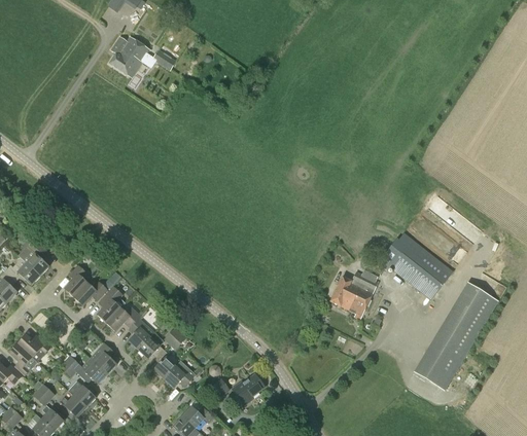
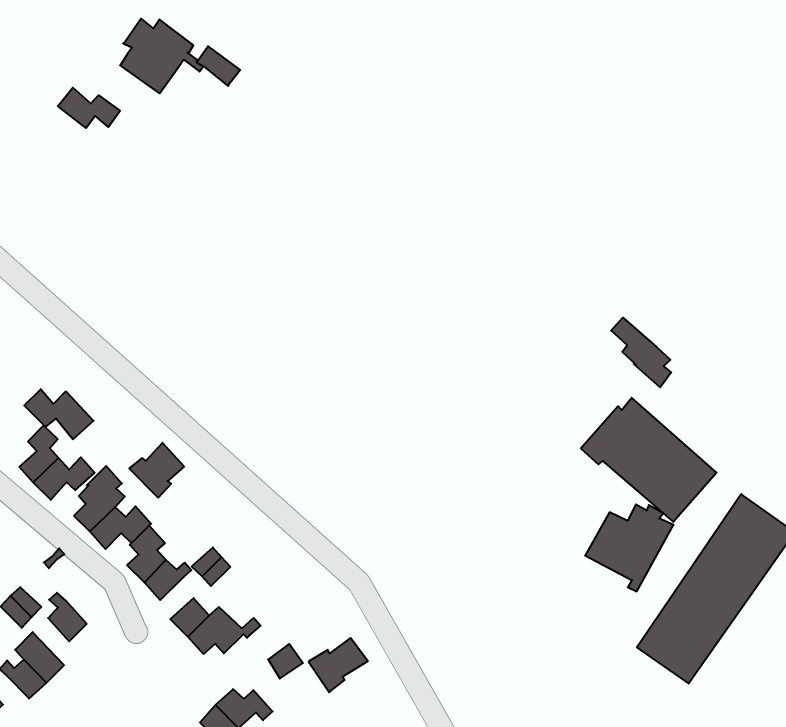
building: none -> [58,88,120,128]
building: none -> [611,318,671,387]
building: none -> [24,389,94,439]
building: [329,269,378,318] -> [585,504,674,591]
building: none -> [129,443,184,498]
building: [90,342,116,373] -> none

